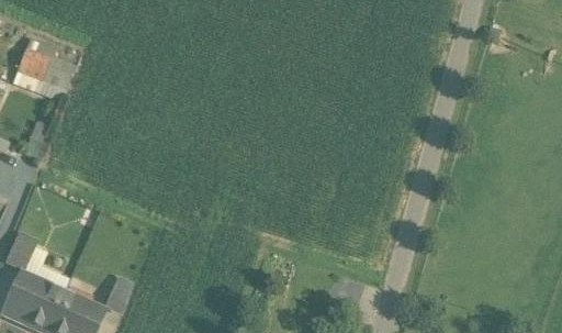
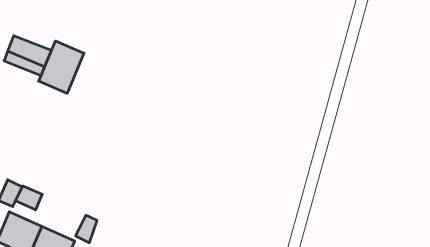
building: none -> [39,41,84,93]
building: none -> [15,186,42,210]

